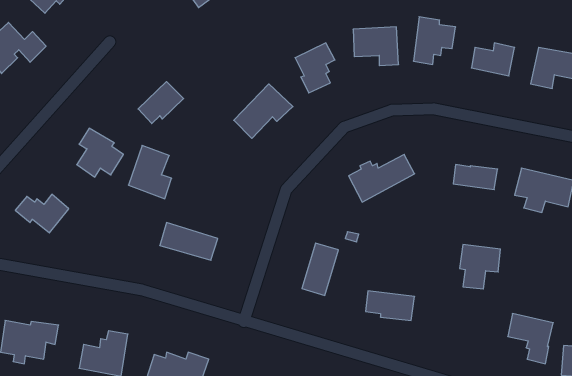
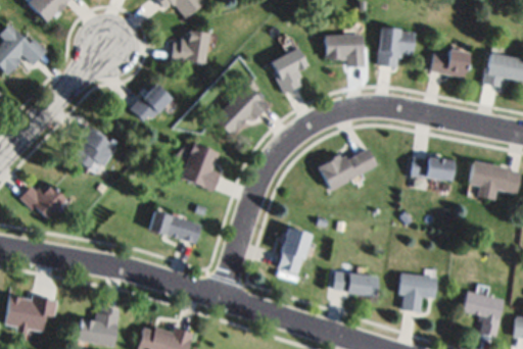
building: none -> [171,31,209,64]
building: [128,145,172,199] -> [183,143,222,191]
building: [460,245,500,289] -> [399,272,436,312]

